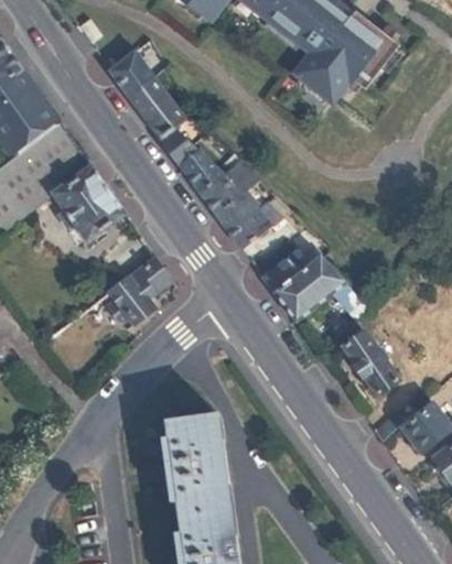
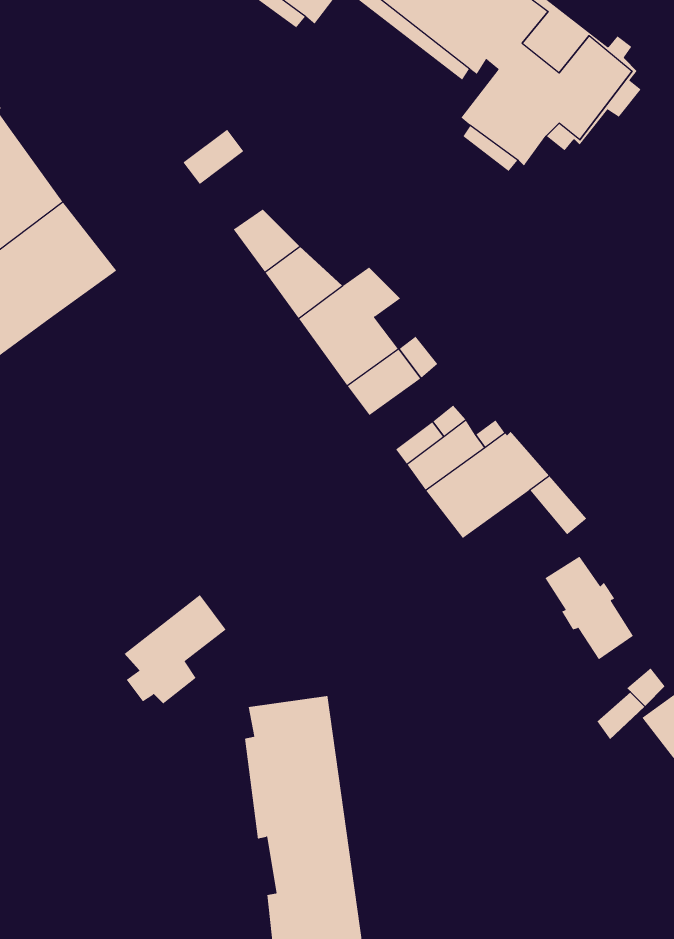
building: [108,51,155,99] -> none
building: [139,93,186,139] -> none
building: [51,163,125,239] -> none
building: [110,253,171,318] -> [124,594,226,704]

